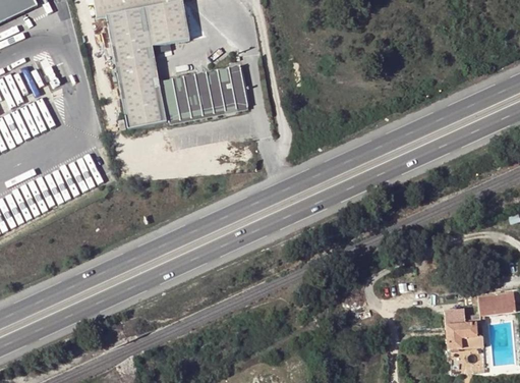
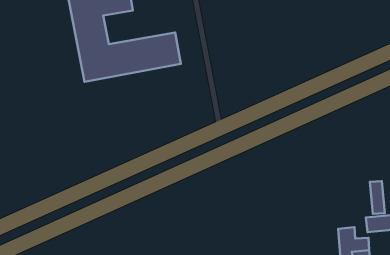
building: none -> [370,181,385,214]

